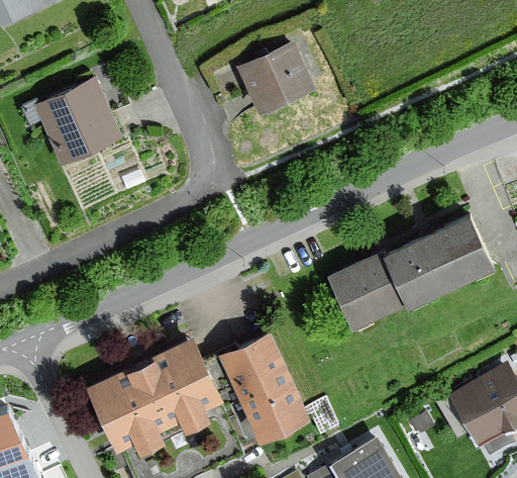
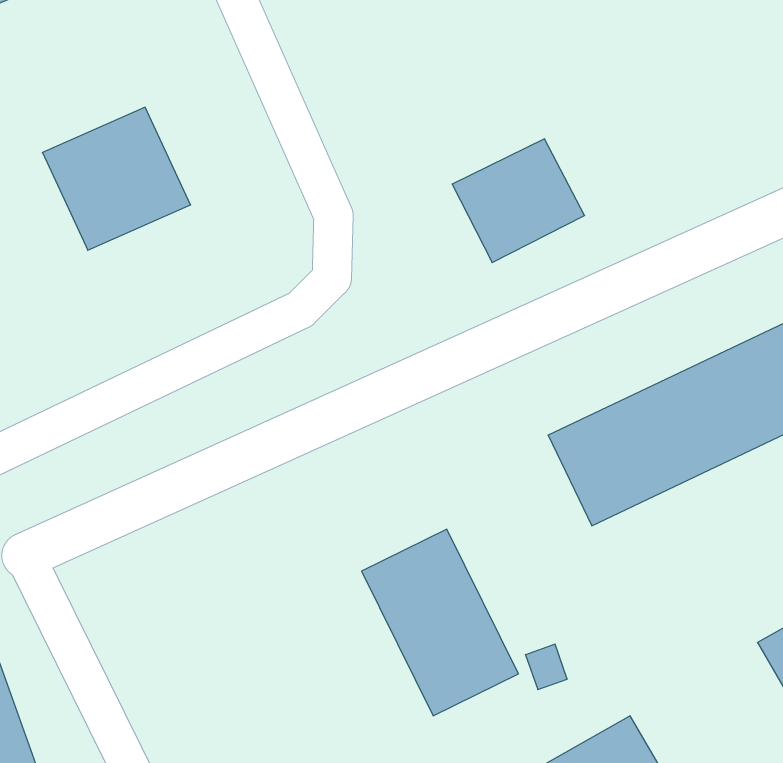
building: [237,52,314,123] -> [452,139,585,263]
building: [86,338,222,454] -> none

